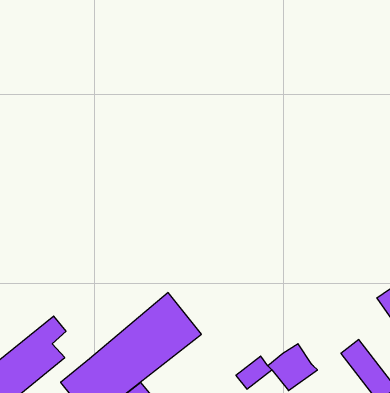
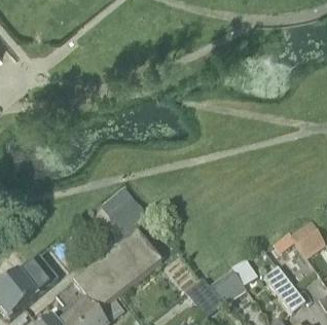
building: none -> [100,189,150,241]

